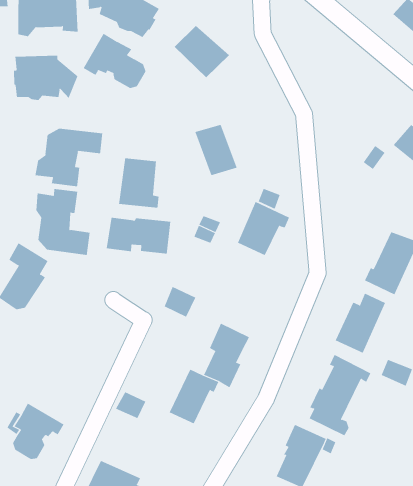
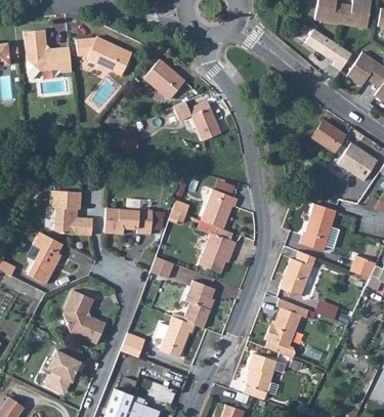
building: [83,33,146,89] -> none
building: [13,55,78,101] -> none
building: [195,124,238,176] -> [189,101,223,140]
building: [35,128,103,187] -> none
building: [119,157,159,209] -> none
building: none -> [200,233,238,274]
building: none -> [57,289,100,341]

